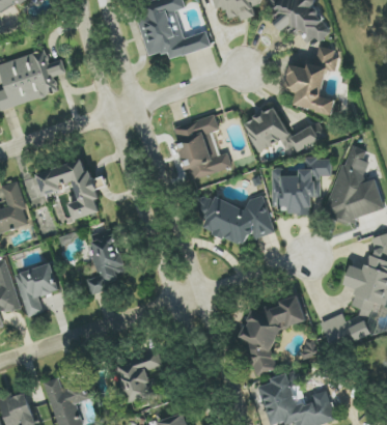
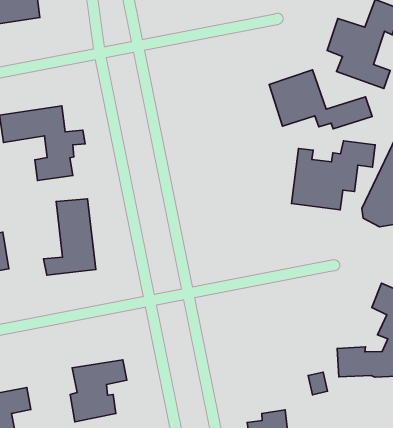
building: [172,115,230,180] -> none
building: [192,196,273,244] -> none
building: [239,294,305,375] -> none

